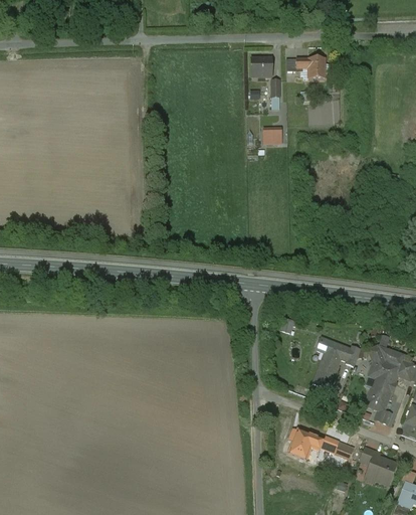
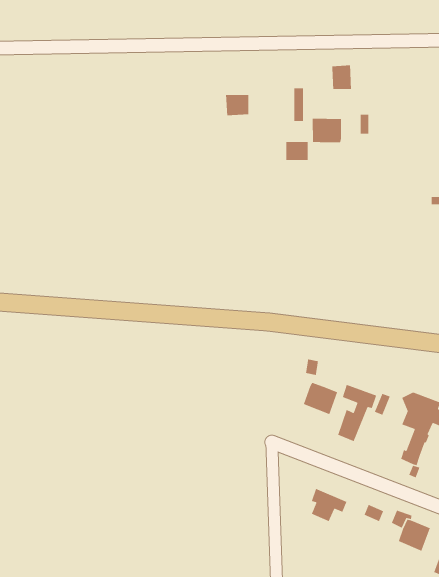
building: [250,59,271,78] -> [225,94,249,116]
building: none -> [312,118,342,143]
building: none -> [303,382,338,415]

